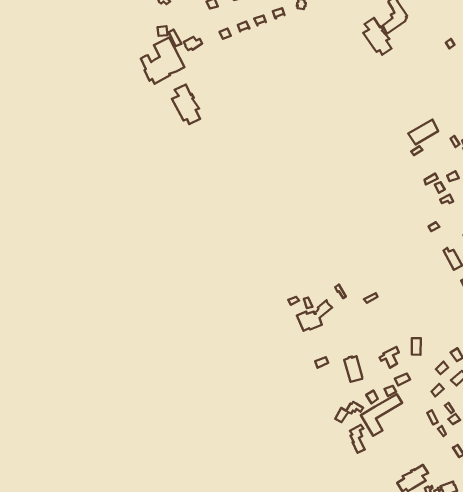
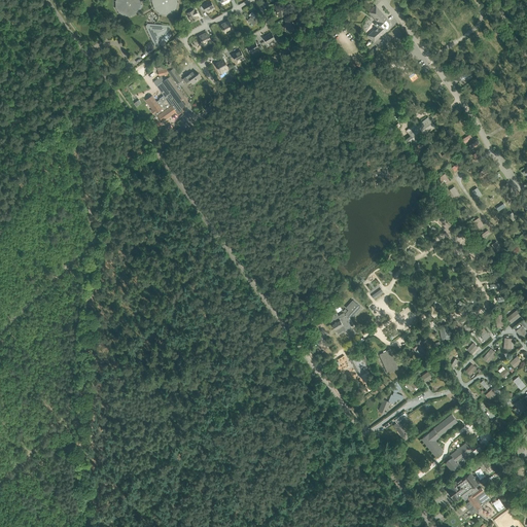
building: [363,18,392,55] -> none
building: [172,84,200,124] -> none
building: [361,394,402,436] -> [421,414,458,456]

